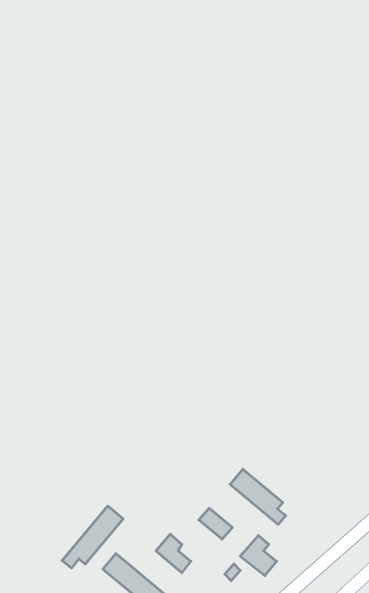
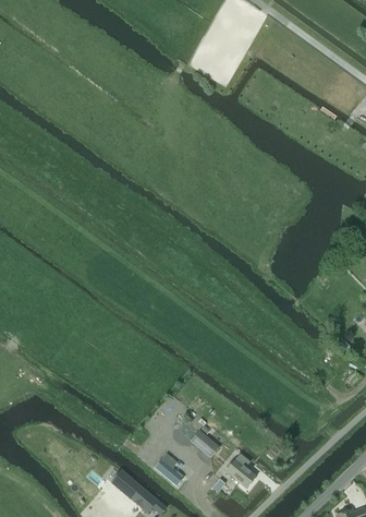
building: [230,469,286,524] -> none
building: [62,506,123,568] -> none

